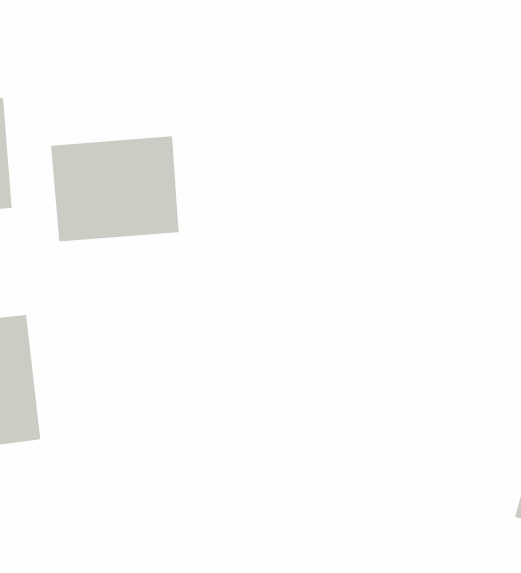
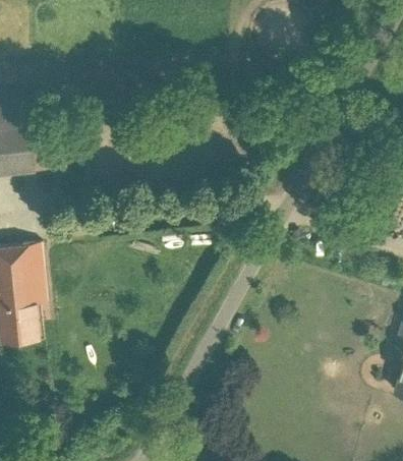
building: [51,136,179,242] -> none

